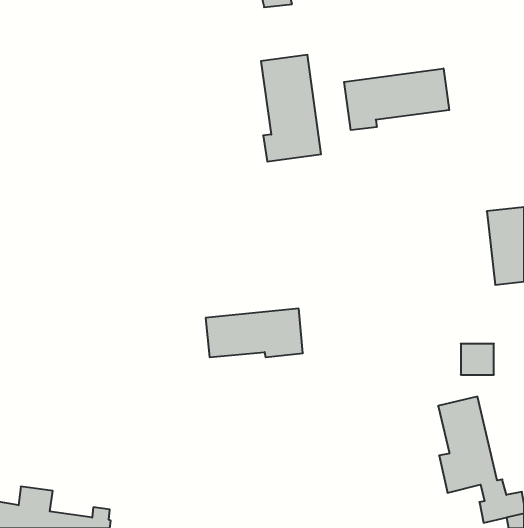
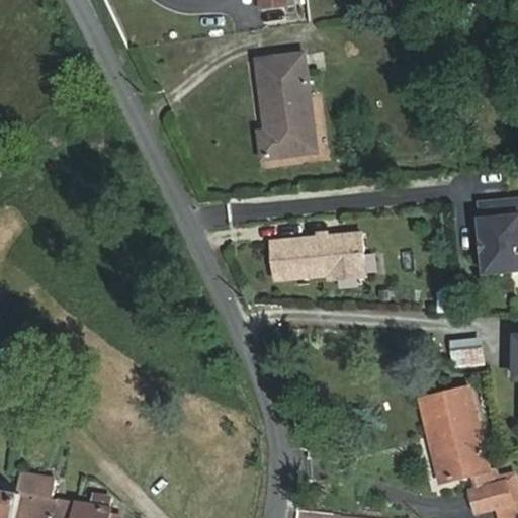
building: [344,68,449,130] -> none
building: [206,309,303,357] -> [276,232,371,279]

